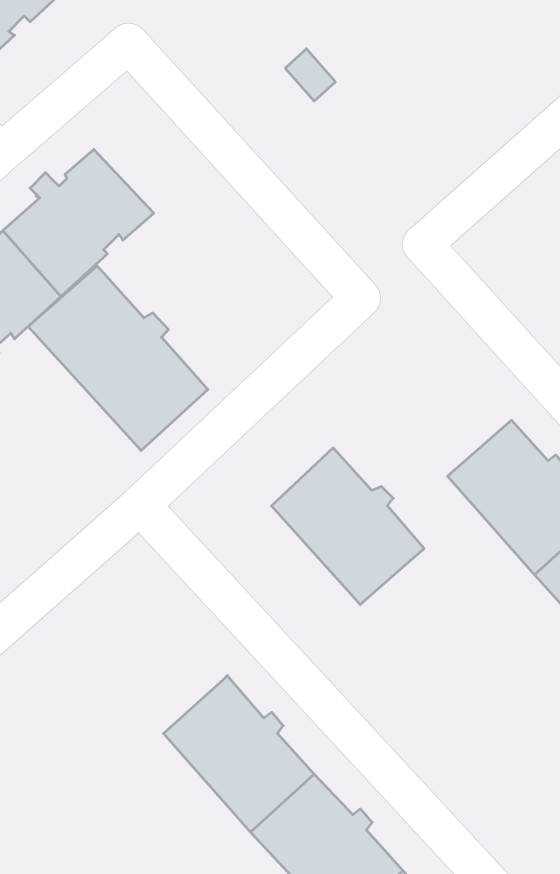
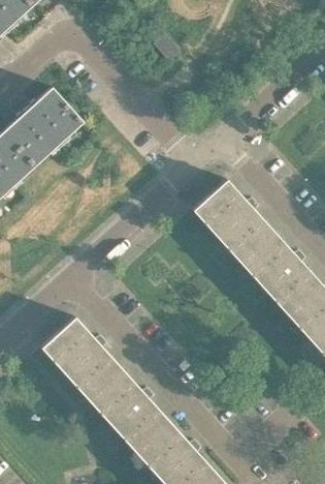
building: [28,266,208,451] -> none
building: [271,448,424,605] -> [193,179,274,263]
building: none -> [41,316,123,400]

